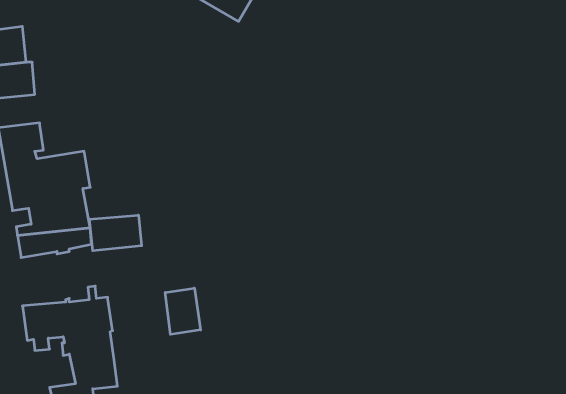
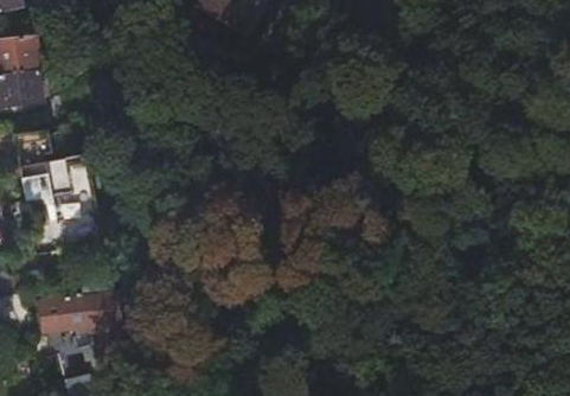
building: [89,215,142,251] -> none
building: [165,288,201,334] -> none

